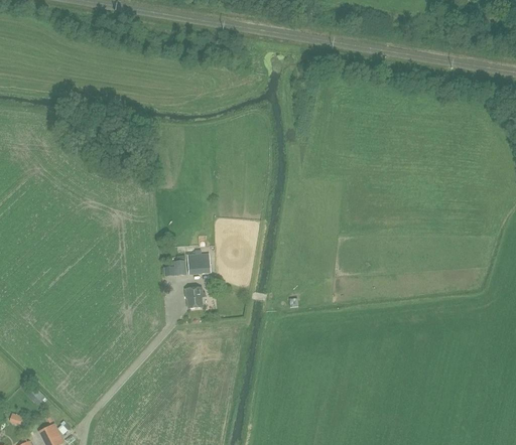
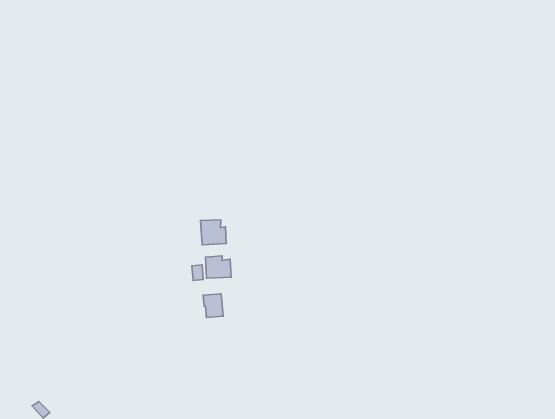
building: none -> [201,220,226,245]

